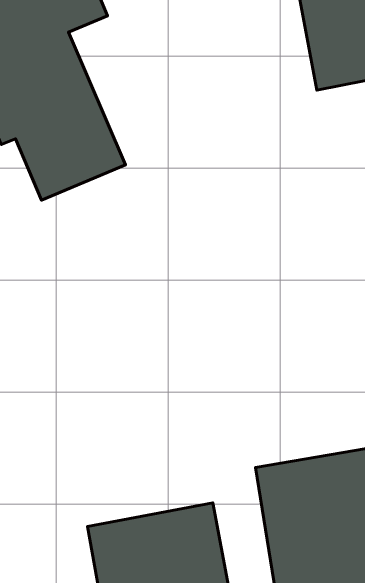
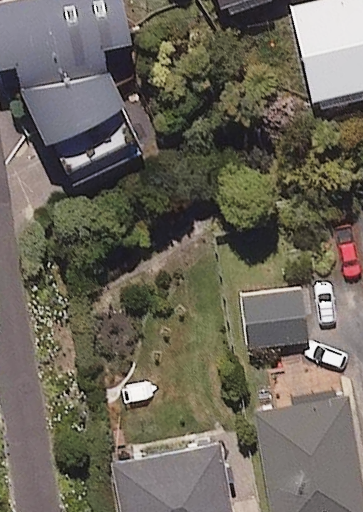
building: none -> [242,286,310,346]

